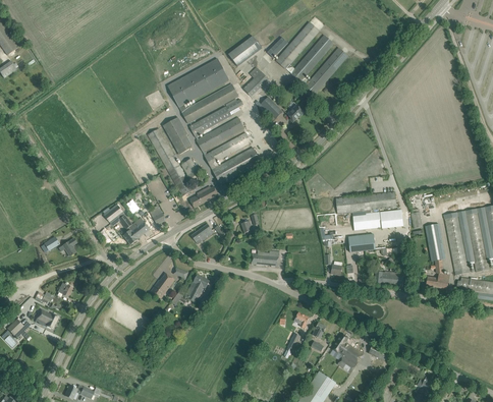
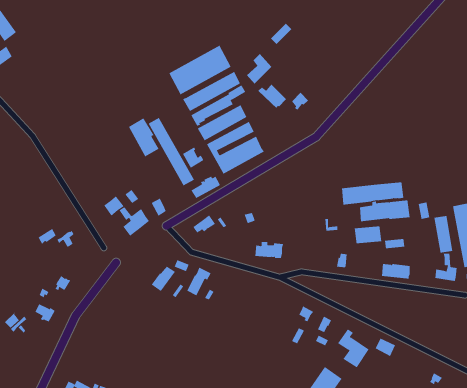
building: [276,21,348,94] -> none
building: [228,36,263,66] -> none
building: [163,116,194,155] -> [128,117,160,157]

